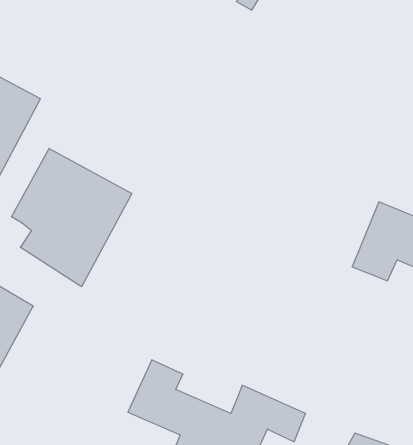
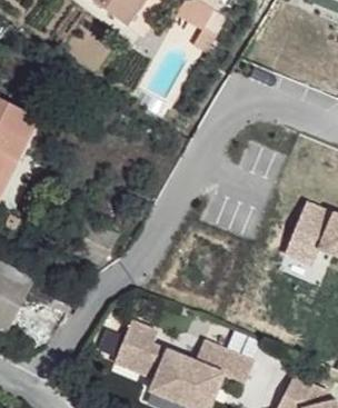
building: [11,148,132,287] -> none

